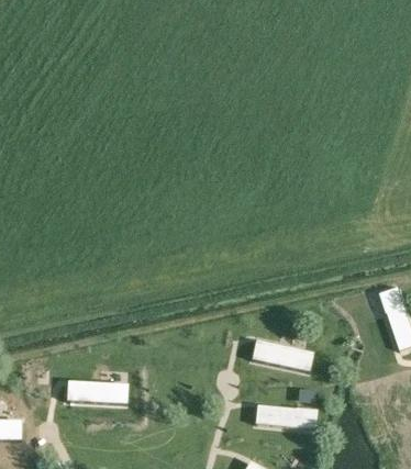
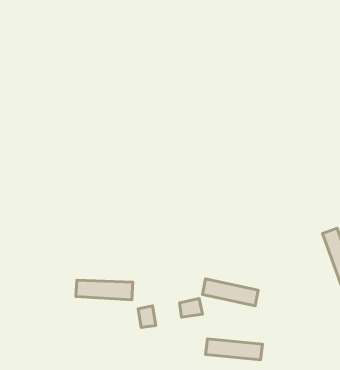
building: [67,381,127,402] -> [76,280,133,300]

